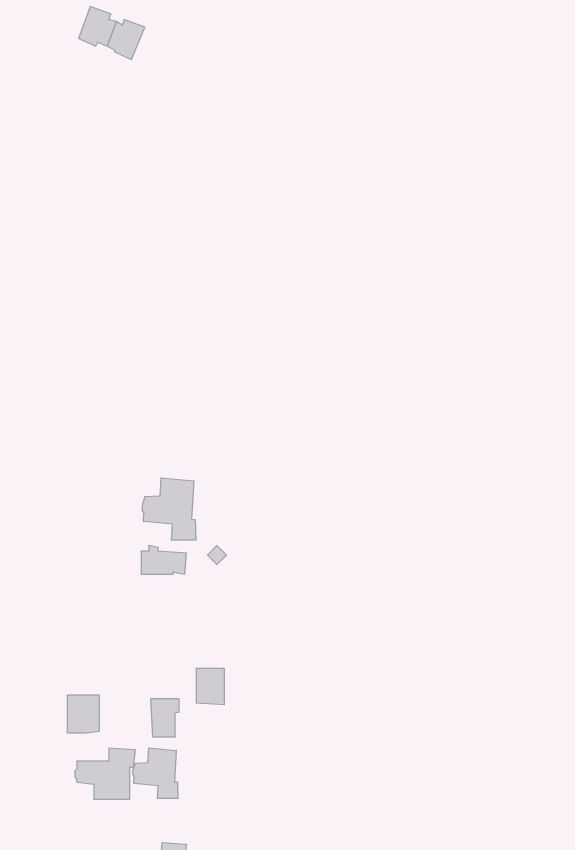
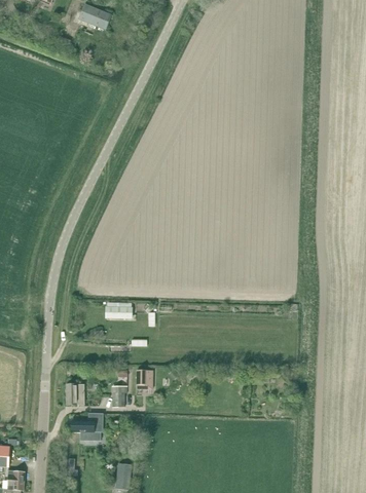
building: [142,478,196,540] -> none
building: [133,748,178,799] -> none

